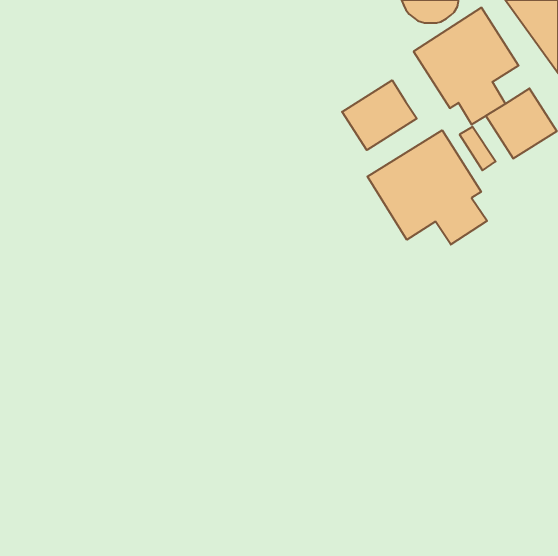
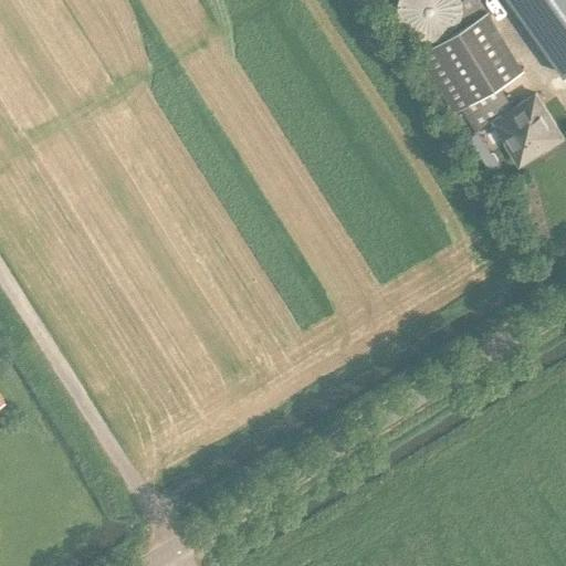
building: [342,80,417,150] -> none
building: [367,130,487,245] -> none

